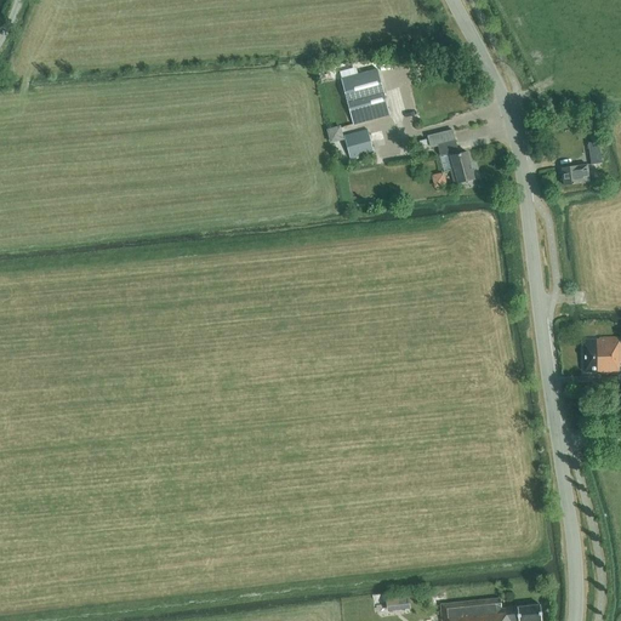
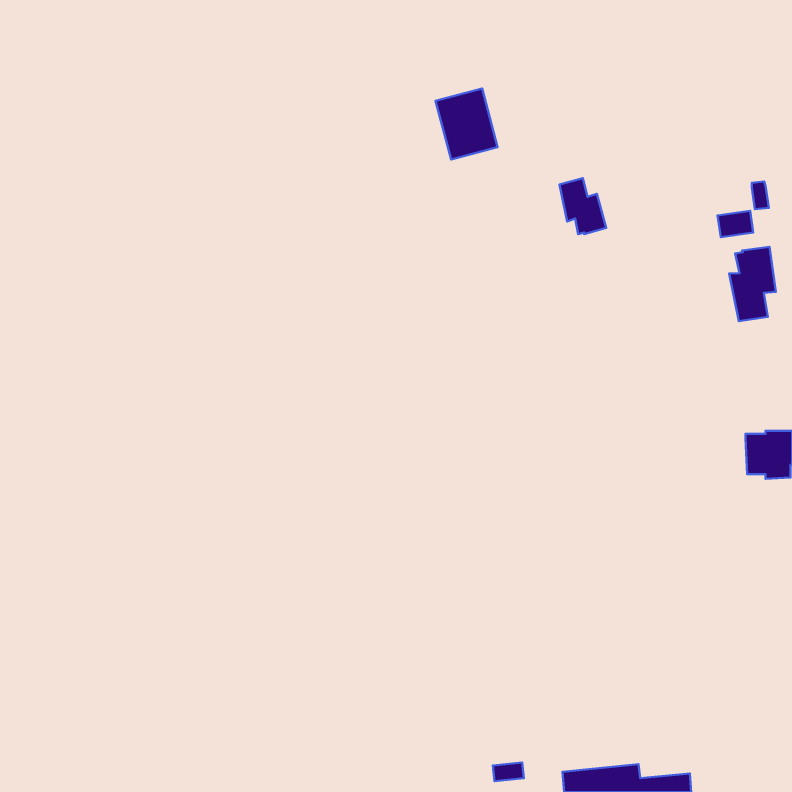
building: [344,130,374,159] -> none
building: none -> [729,247,776,321]

